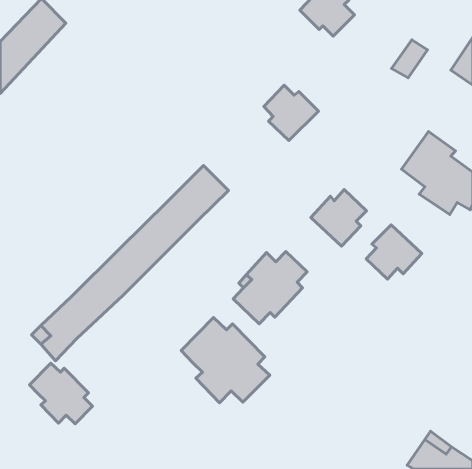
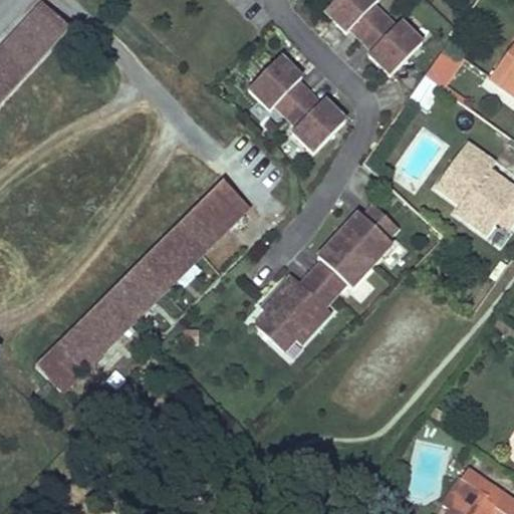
building: none -> [362,16,423,75]
building: none -> [249,56,309,115]
building: [366,225,422,279] -> [311,236,371,295]
building: [181,318,270,403] -> none
building: [29,363,93,424] -> none

